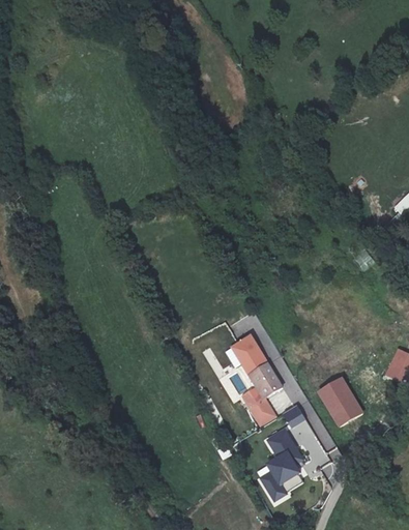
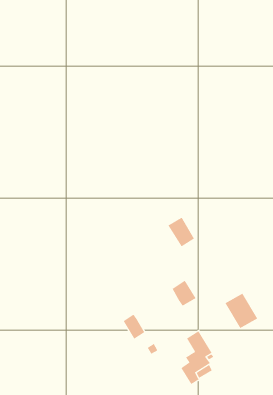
building: [232,334,267,374] -> [168,217,195,247]
building: [244,390,273,423] -> [123,314,145,339]

